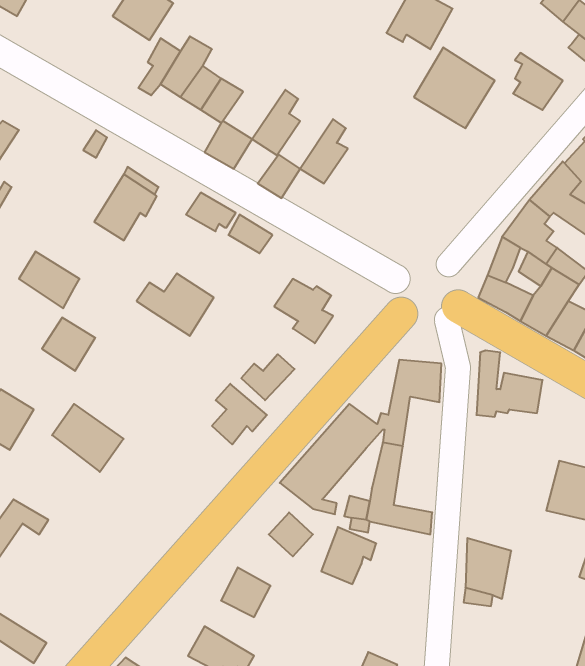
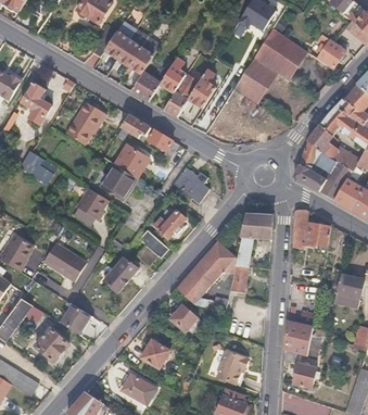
building: none -> [237,59,280,103]
building: none -> [21,79,51,120]
building: none -> [115,144,149,177]
building: [42,318,95,371] -> [77,187,109,218]
building: none -> [102,257,136,293]
building: none -> [58,302,92,335]
building: [321,527,376,584] -> [217,349,250,382]
building: none -> [35,326,68,361]
building: none -> [294,362,320,388]

